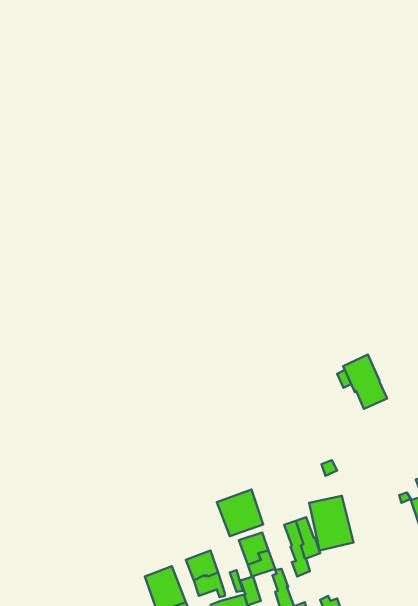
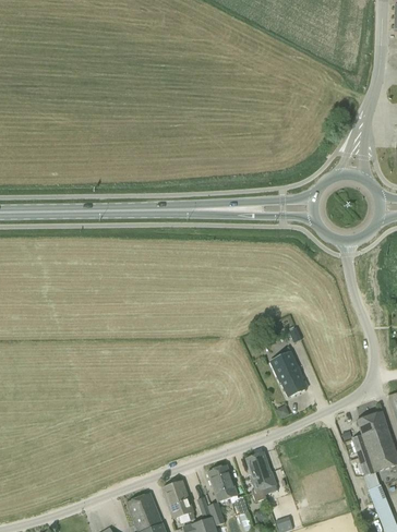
building: [343,355,387,409] -> [270,351,308,397]
building: [217,489,263,536] -> none
building: [309,496,353,551] -> none

